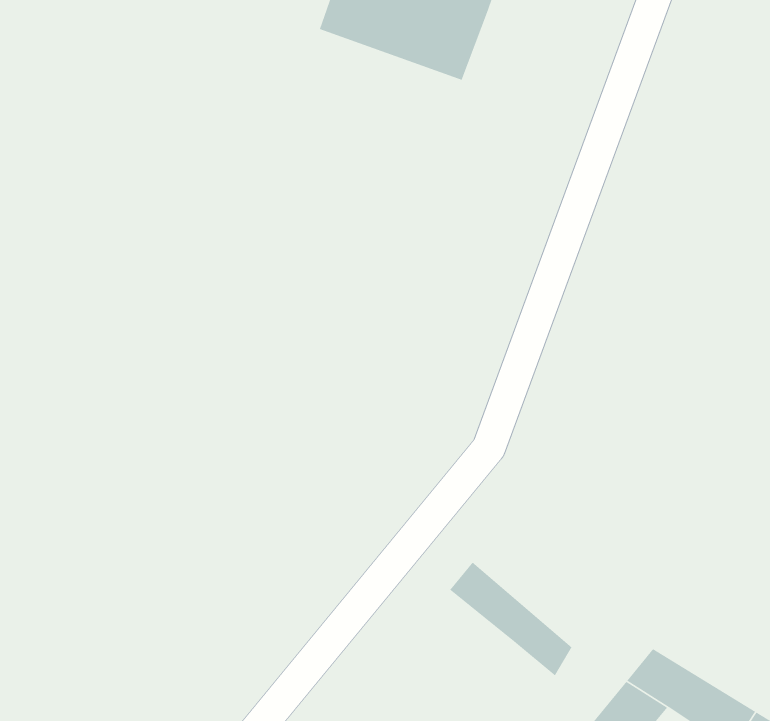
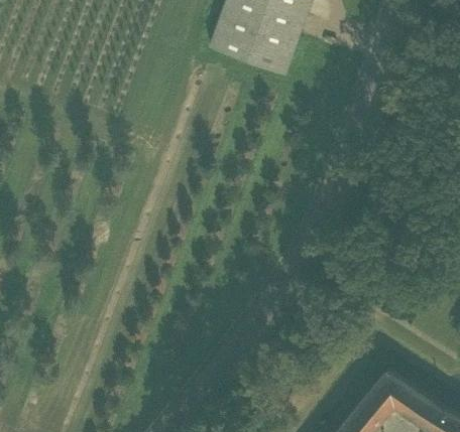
building: [449,562,572,676] -> none

